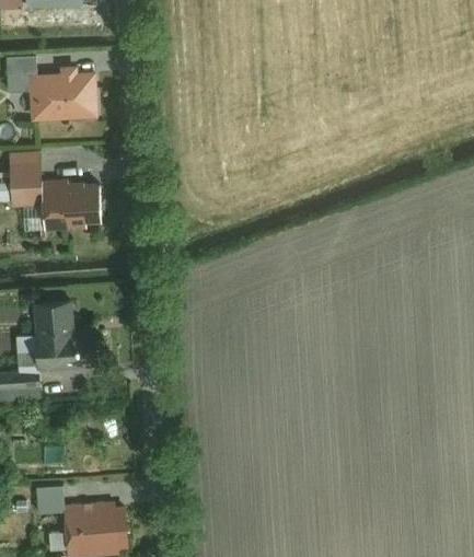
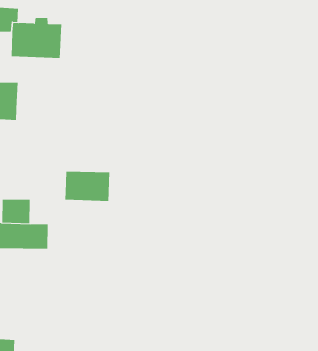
building: [42,183,102,224] -> [65,171,110,202]

